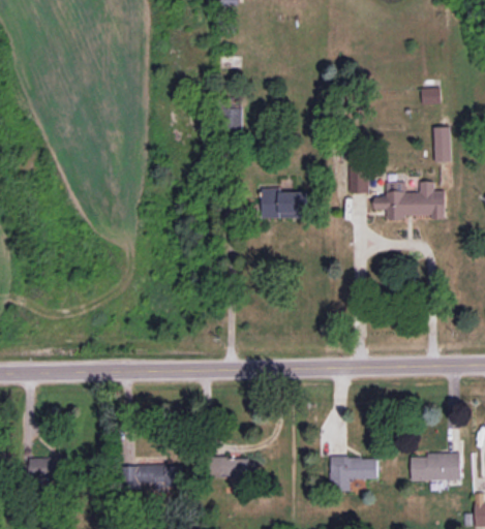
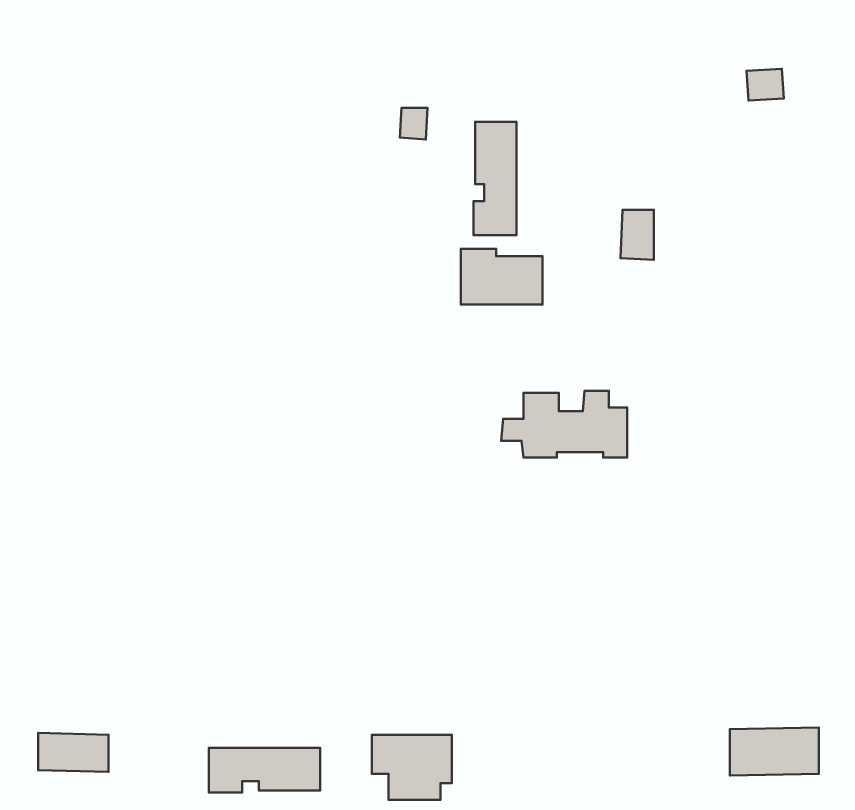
building: none -> [473,122,517,235]
building: [433,126,451,162] -> none
building: [372,181,443,218] -> [501,391,627,458]
building: [329,457,376,490] -> none

